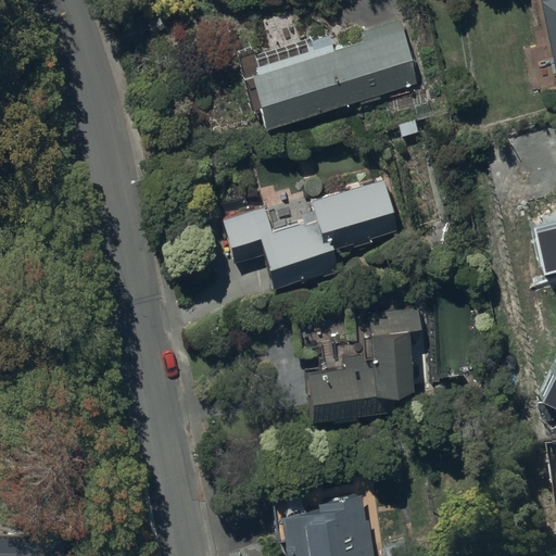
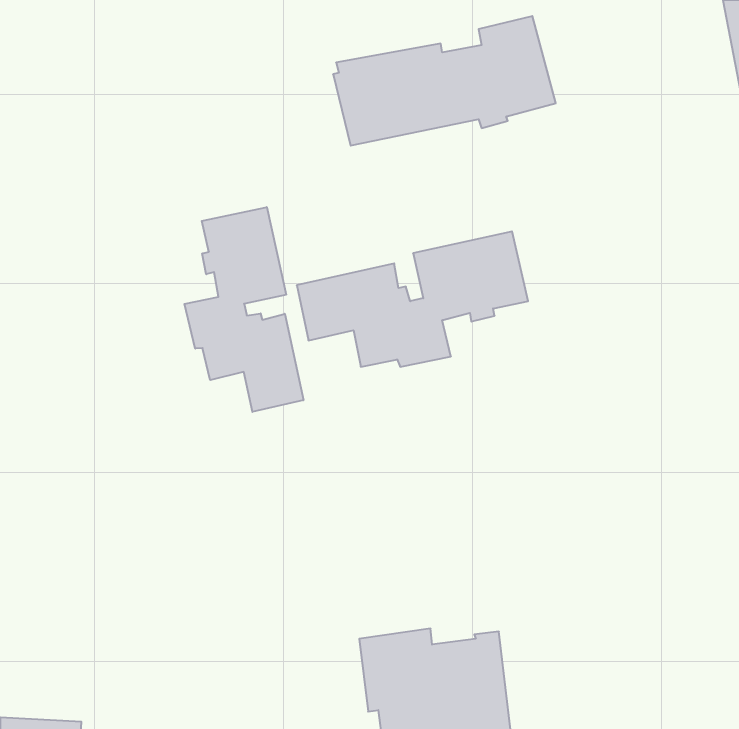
building: none -> [184,207,303,412]
building: [308,312,422,422] -> none

